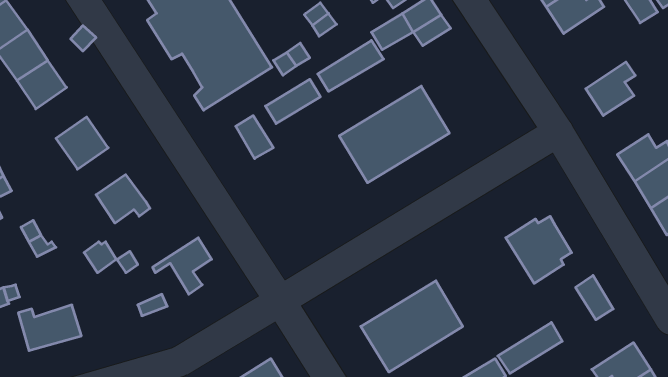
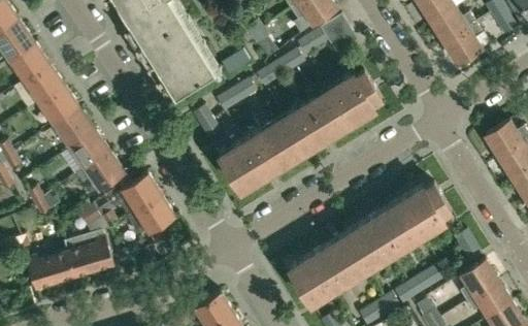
building: [586,62,635,116] -> [444,23,483,64]
building: none -> [335,71,382,120]
building: none -> [39,85,78,124]
building: none -> [219,122,294,191]
building: none -> [71,131,108,167]
building: none -> [119,173,164,223]
building: none -> [346,200,422,268]
building: none -> [67,234,114,275]
building: none -> [460,260,498,301]

